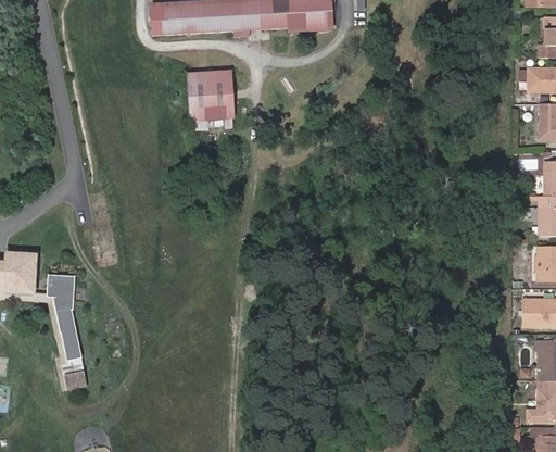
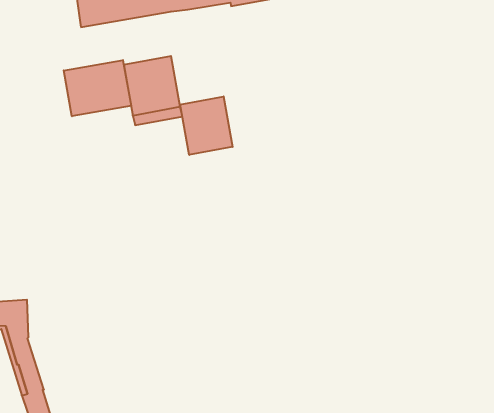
building: none -> [64,60,131,116]
building: none -> [180,96,233,155]

